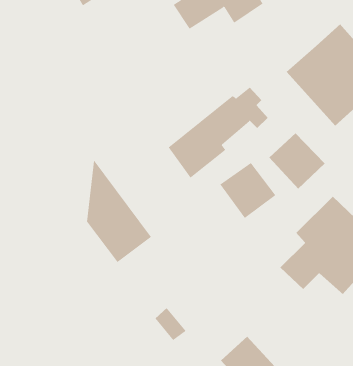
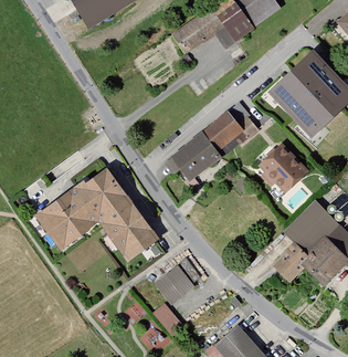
building: none -> [31,167,101,253]
building: [220,162,276,219] -> none
building: none -> [157,256,205,303]

